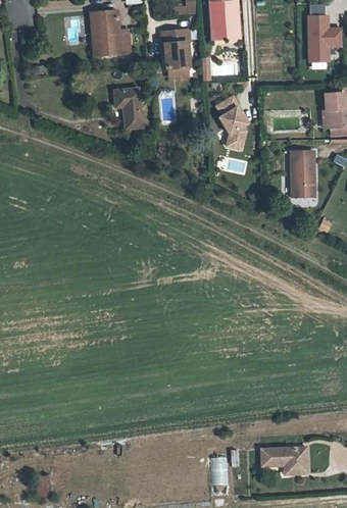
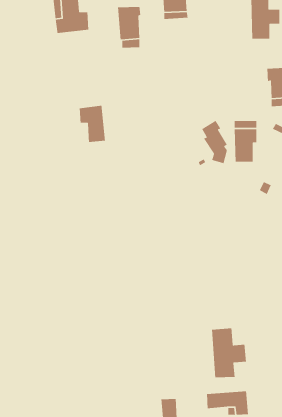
building: [114,87,144,129] -> [79,105,106,143]
building: [217,96,247,145] -> [201,120,228,164]
building: none -> [211,327,247,378]

